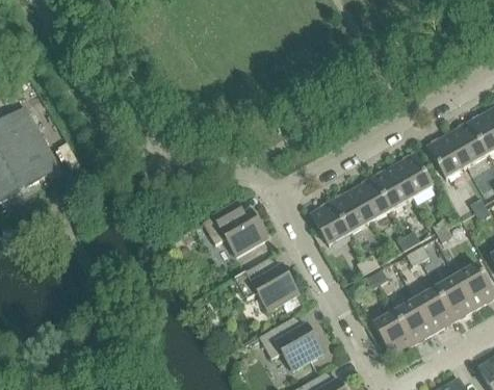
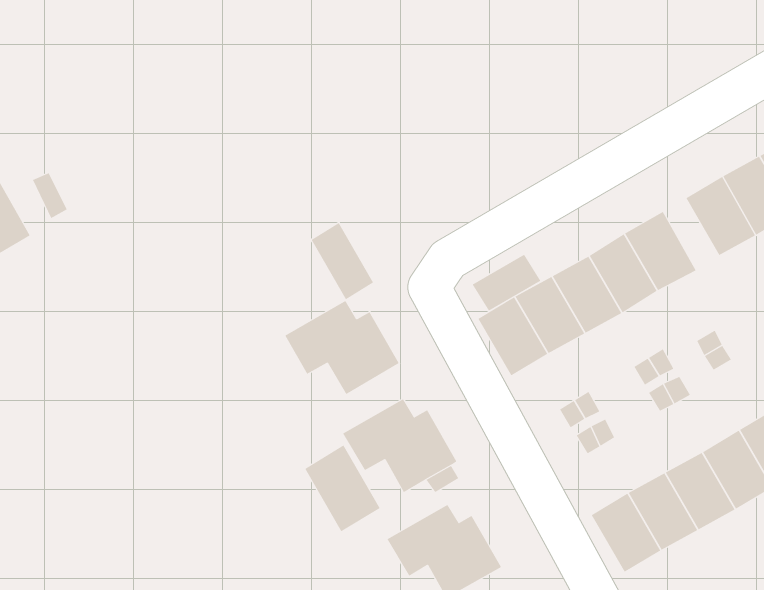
building: none -> [311,222,374,300]
building: none -> [472,254,541,311]
building: none -> [304,445,380,532]

